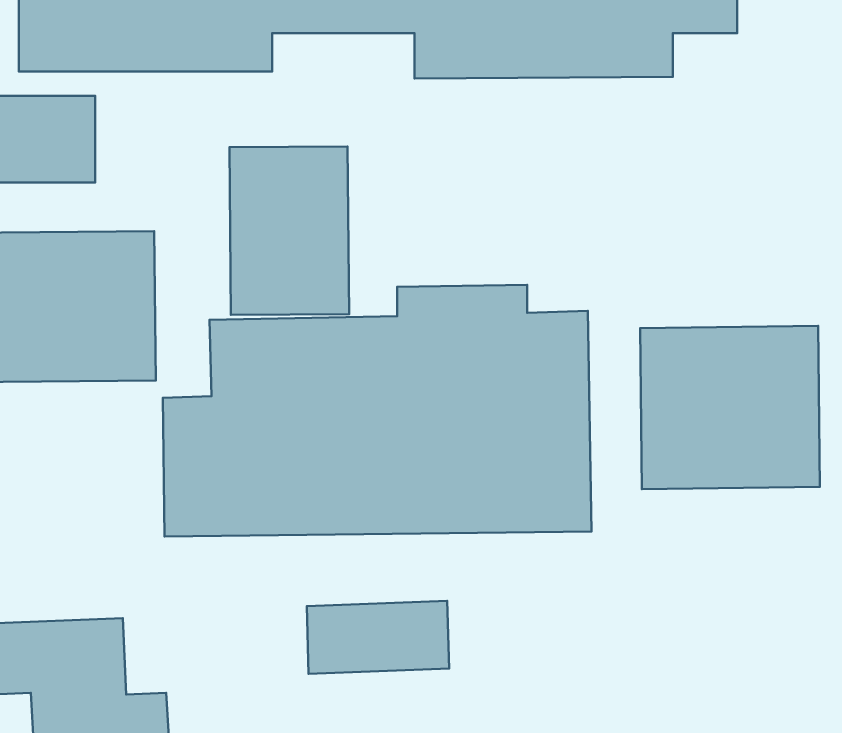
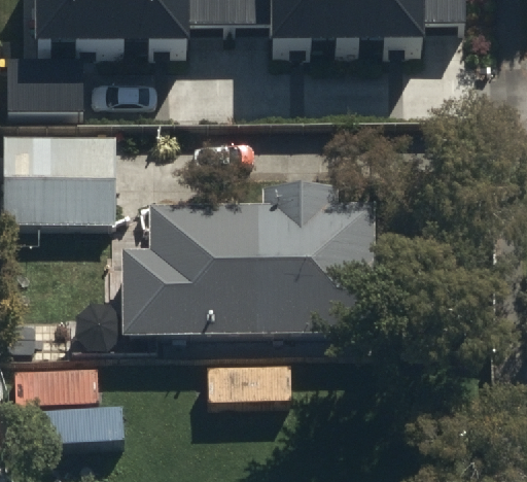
building: [229,147,349,315] -> none
building: [640,326,820,489] -> none

